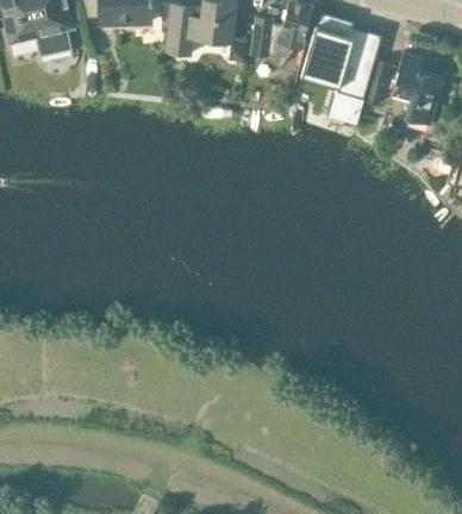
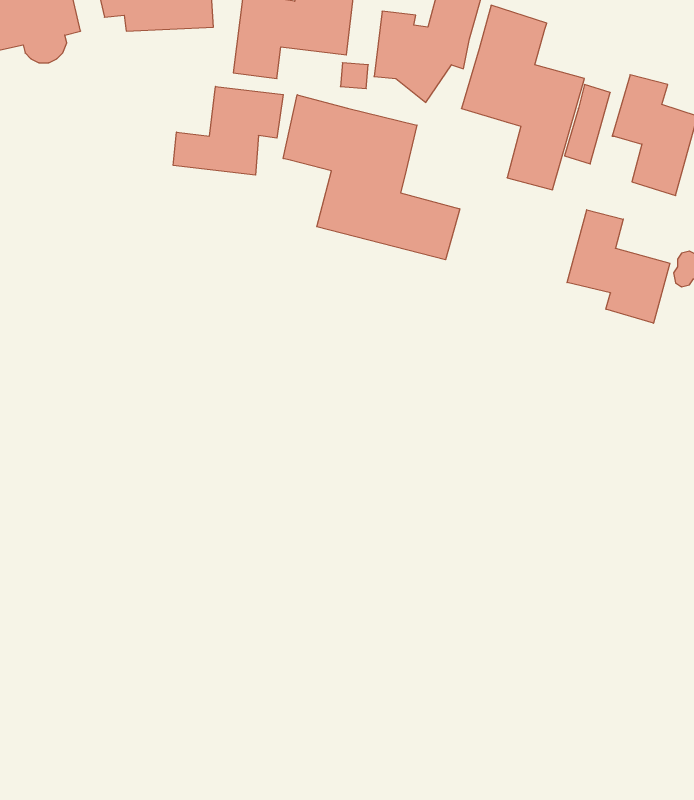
building: none -> [173,86,283,175]
building: none -> [283,95,460,260]
building: none -> [567,210,670,323]

